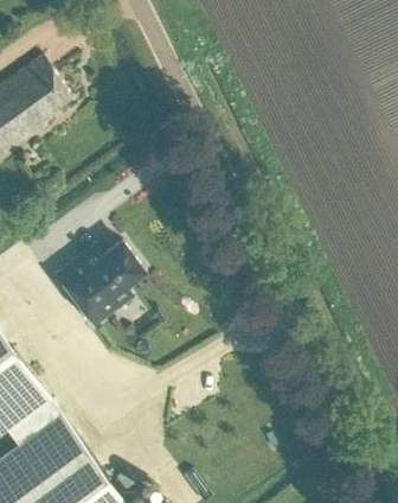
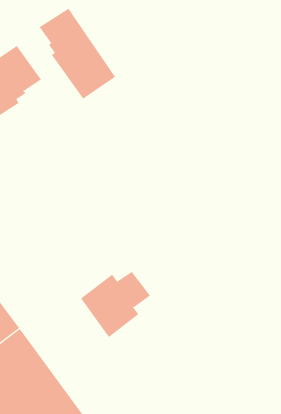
building: none -> [39,8,116,100]
building: [58,242,143,323] -> [80,271,151,338]

